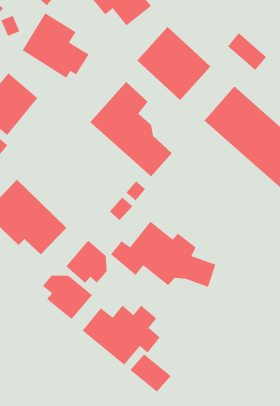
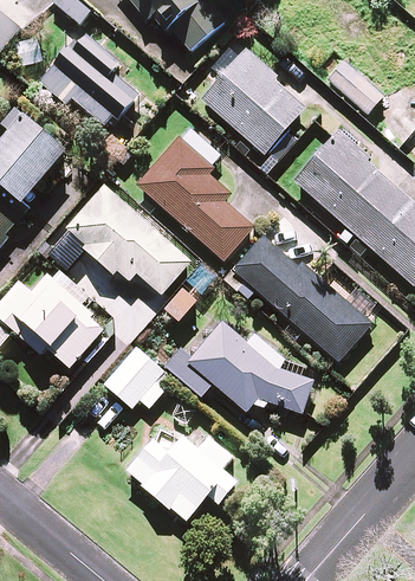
building: none -> [64,185,189,292]
building: none -> [232,234,370,361]
building: [42,275,93,320] -> none
building: [130,353,171,393] -> none

